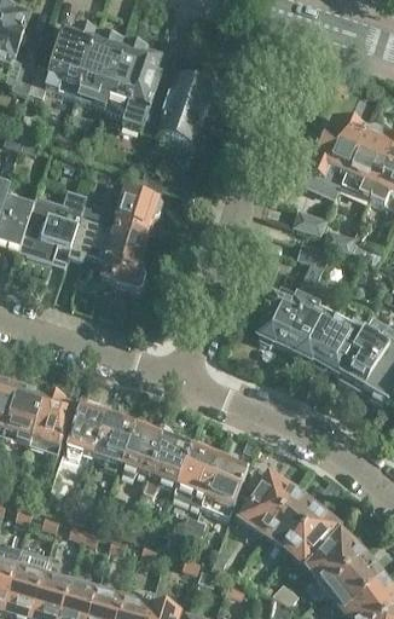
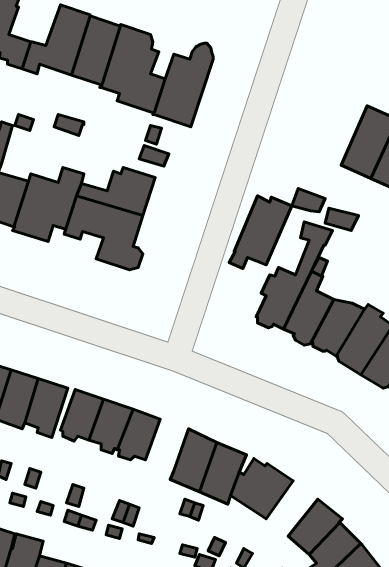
building: [306,117,367,189] -> [229,196,292,269]
building: [144,434,192,494] -> none
building: [268,494,319,549] -> none

